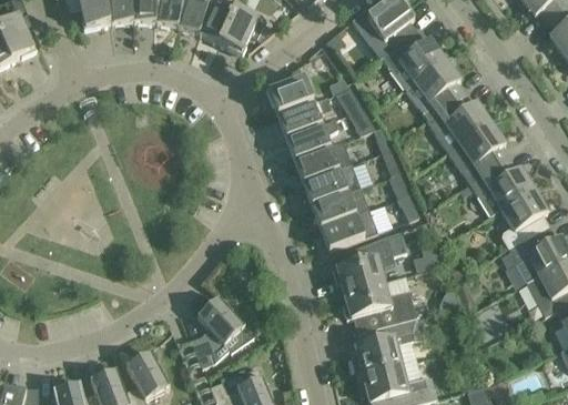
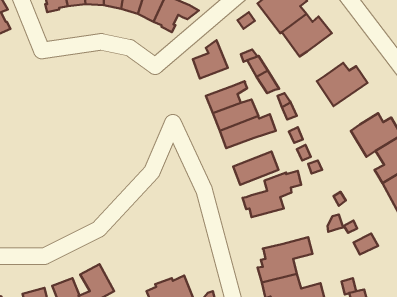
building: [404,59,460,120] -> none
building: [277,98,332,139] -> none
building: [447,122,506,183] -> none
building: [311,188,368,229] -> none
building: [342,275,416,327] -> none
building: [191,297,253,368] -> none

